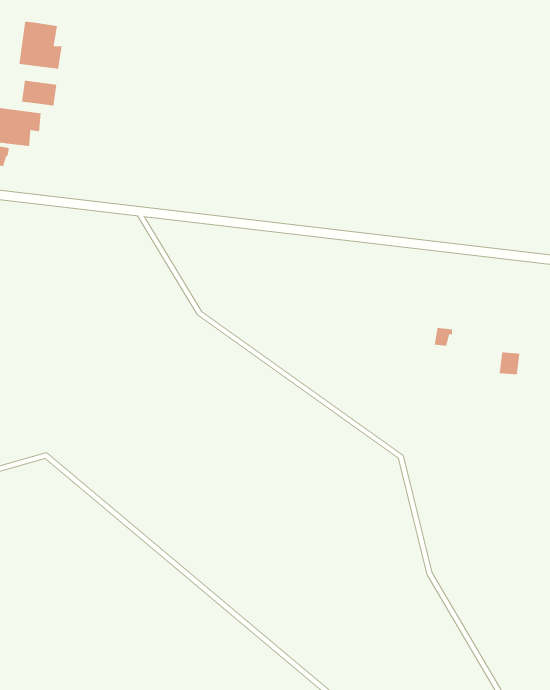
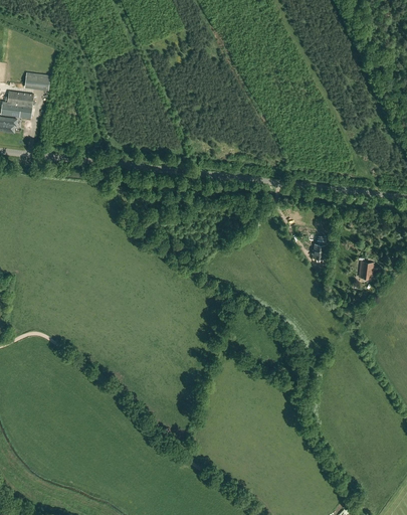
building: [19,21,62,69] -> none

